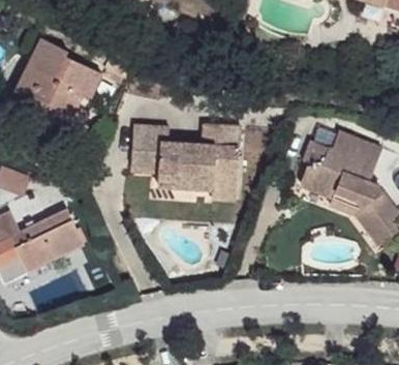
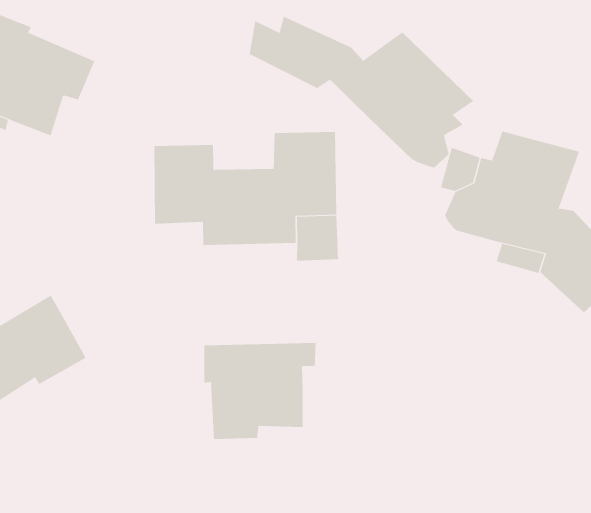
building: none -> [249,16,474,168]
building: none -> [204,342,316,440]

